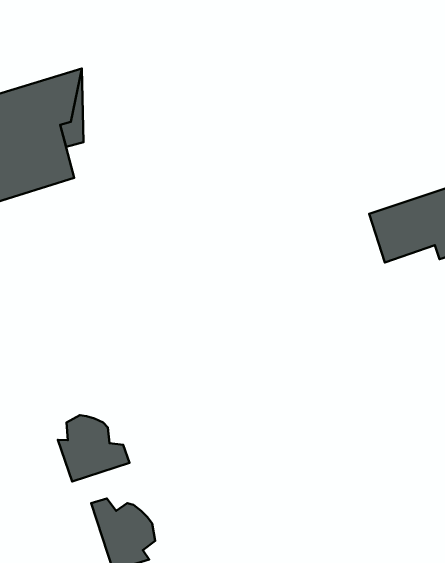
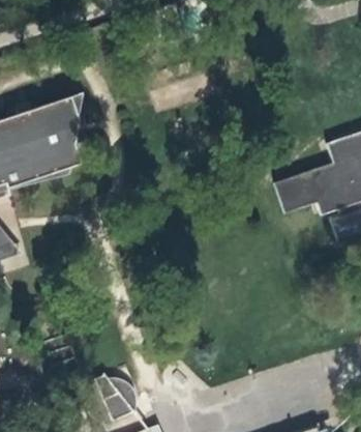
building: [58,415,129,482] -> none

